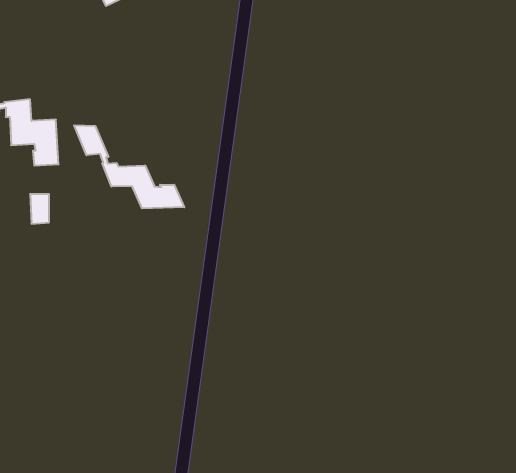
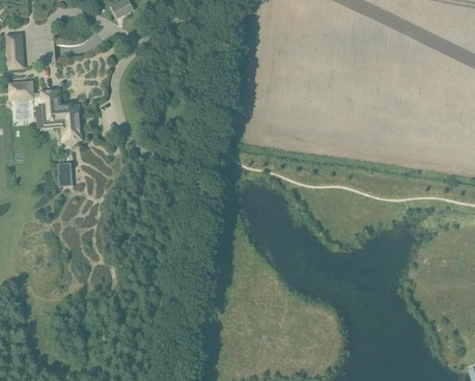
building: [74,125,184,208] -> none

